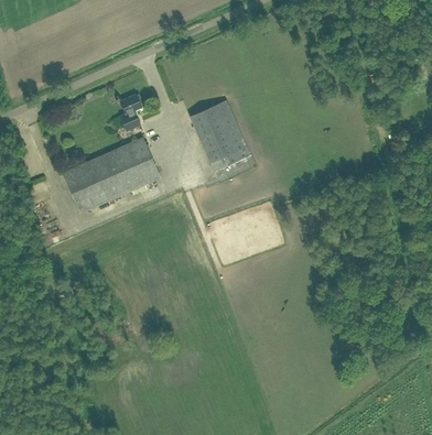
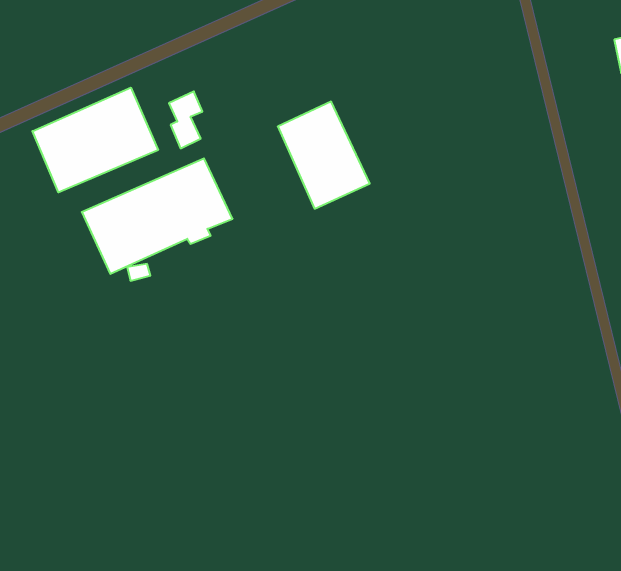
building: none -> [32,88,158,192]

